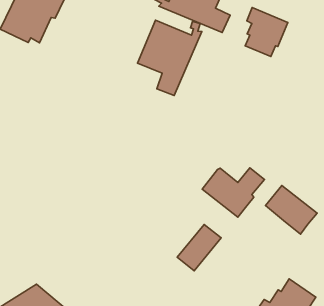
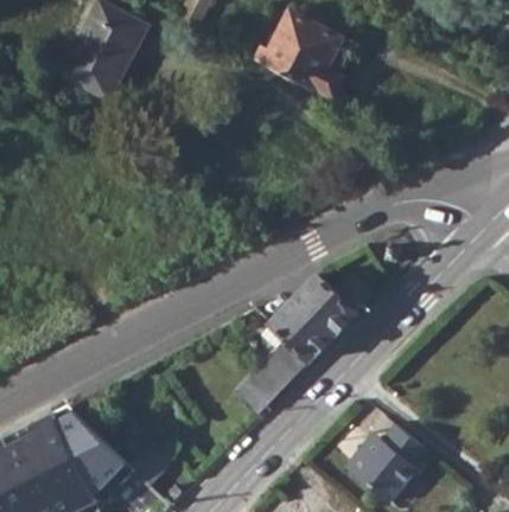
building: [245,7,288,56] -> none
building: [137,20,202,96] -> none
building: [266,185,317,234] -> [268,300,333,364]

